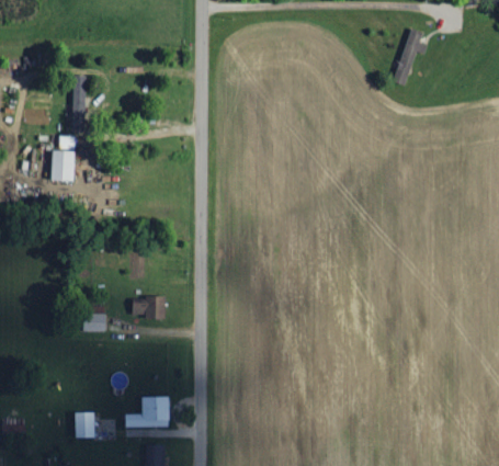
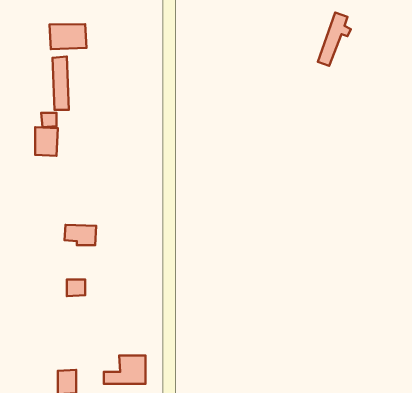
building: [392,29,427,86] -> [318,13,351,66]
building: none -> [50,24,86,49]
building: [132,297,166,319] -> [65,225,96,245]

